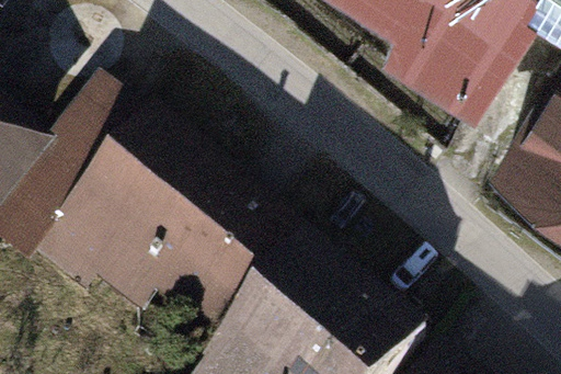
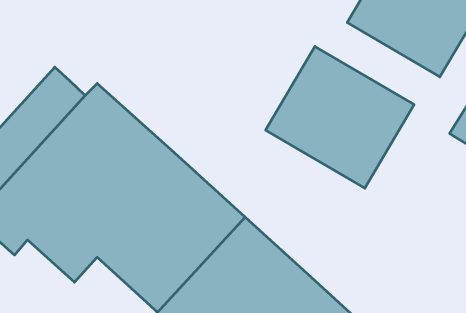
building: none -> [266,46,414,188]

